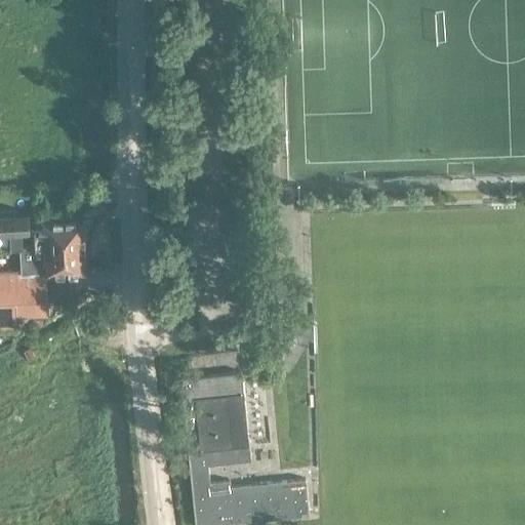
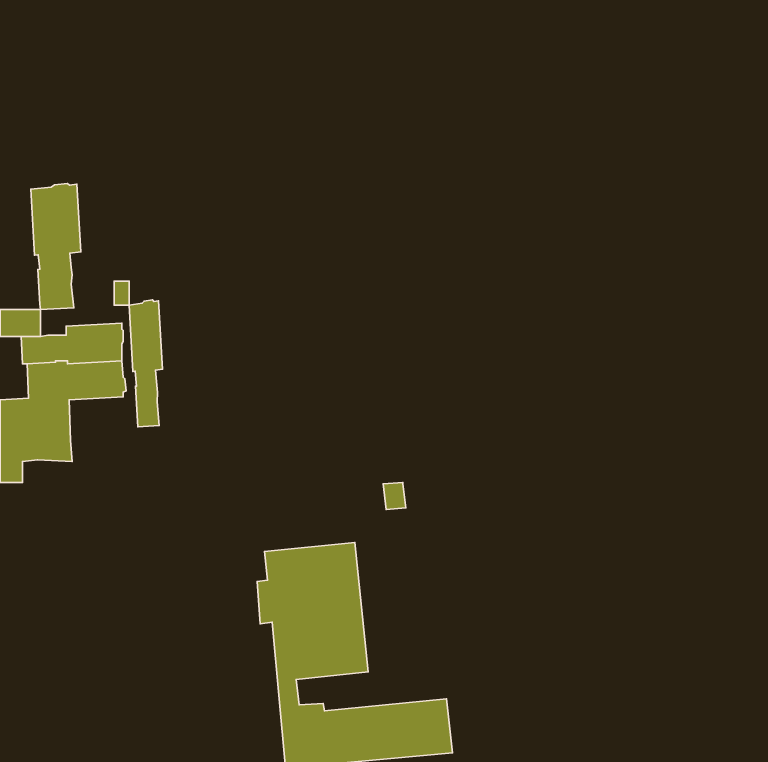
building: none -> [31,183,81,310]
building: none -> [129,300,162,427]

